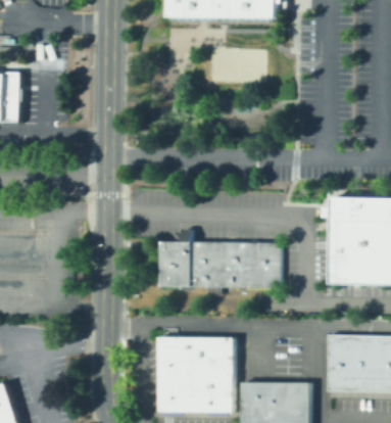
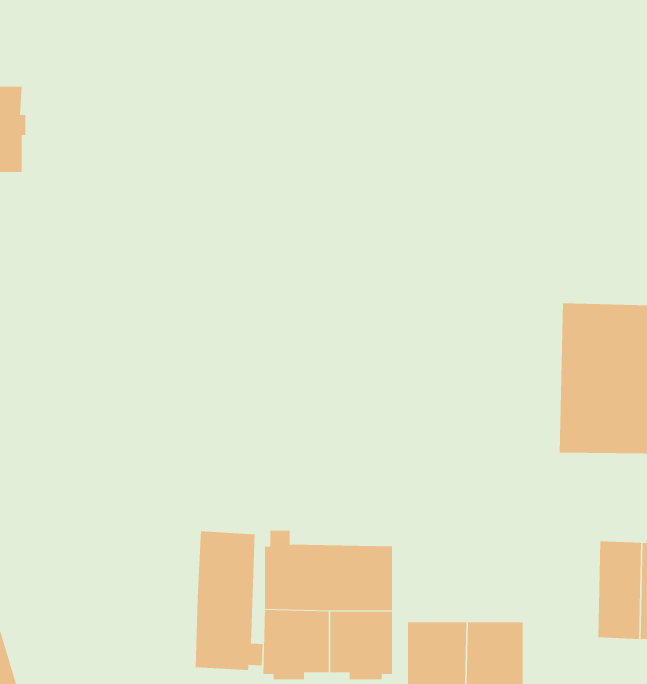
building: [158,229,281,296] -> none
building: none -> [195,531,263,671]
building: [326,335,352,391] -> none

